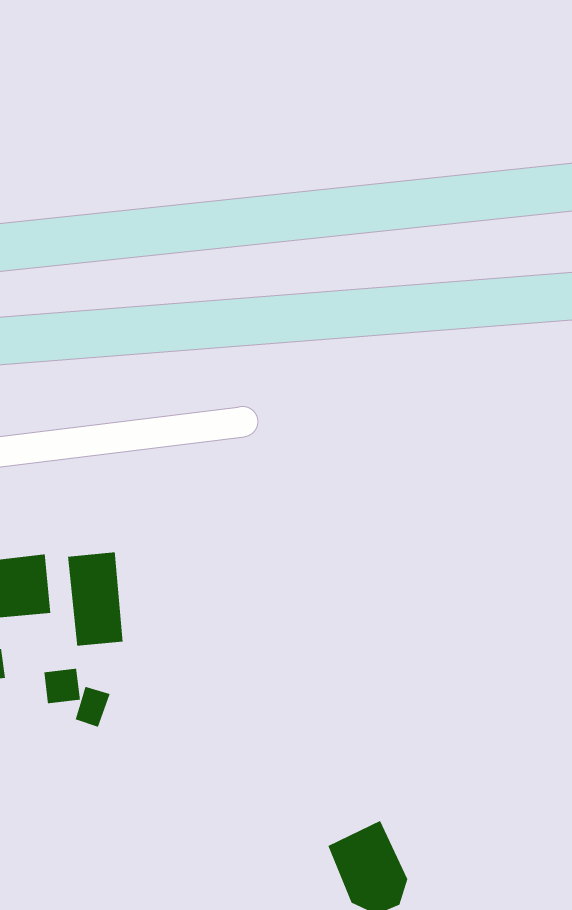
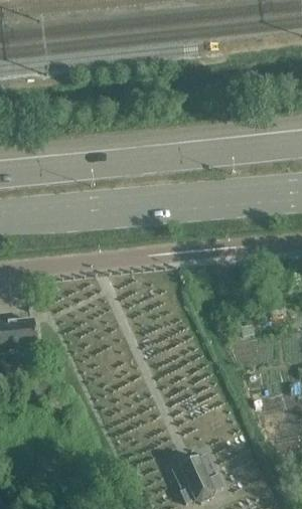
building: [67,551,123,647] -> none

